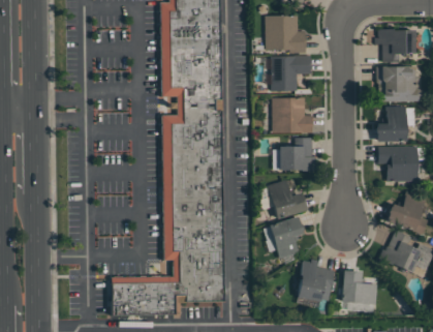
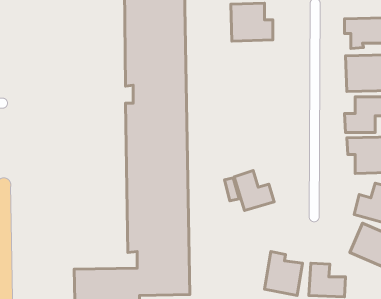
building: [272,55,311,91] -> none
building: [272,97,313,132] -> none
building: [273,138,316,171] -> none
building: [264,217,303,258] -> none

